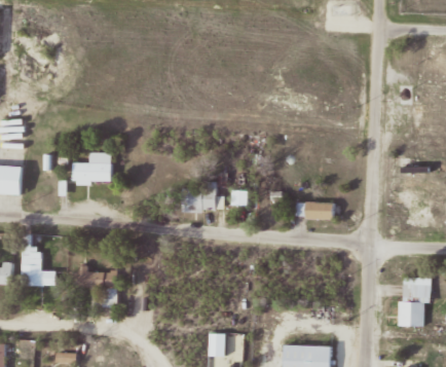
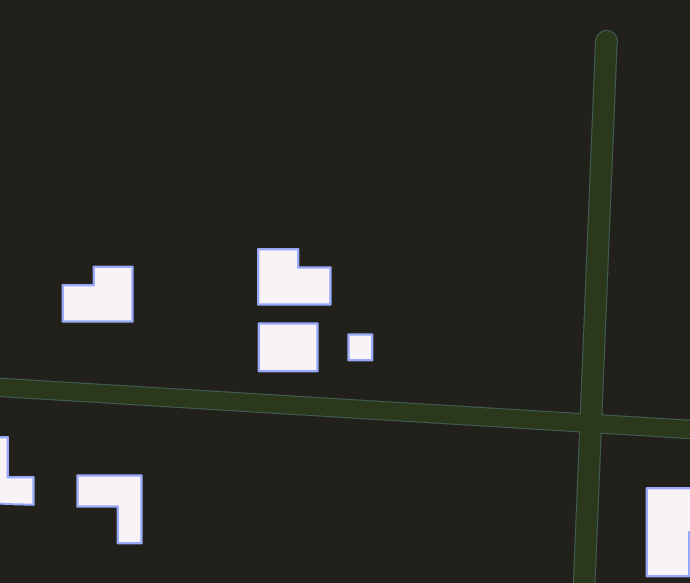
building: none -> [258,249,330,304]
building: [295,203,333,218] -> none

